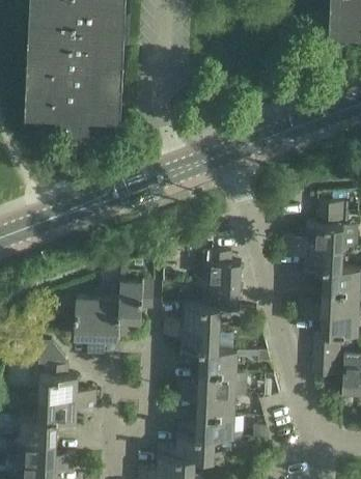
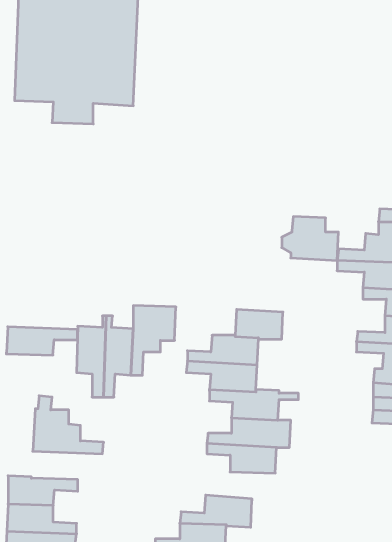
building: [196,251,242,286] -> [282,217,338,260]
building: [38,398,95,421] -> [6,327,77,355]
building: [178,415,234,439] -> none

